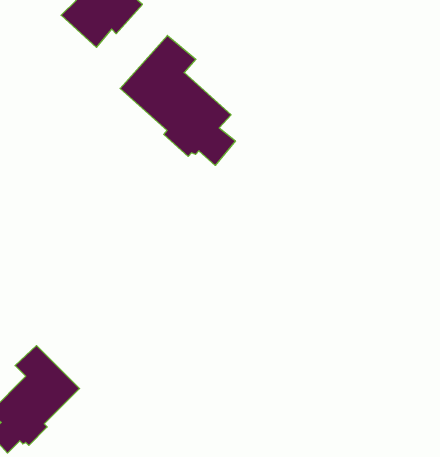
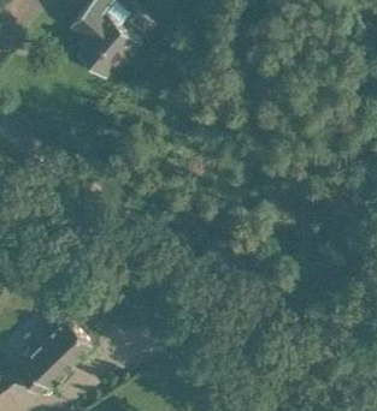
building: [120,35,235,165] -> none

